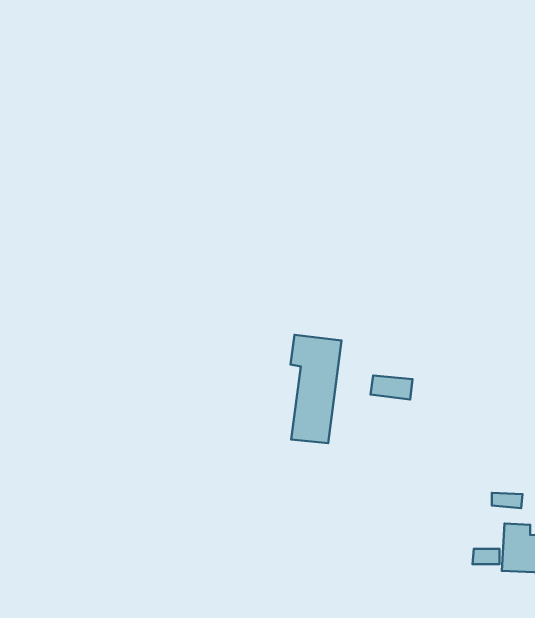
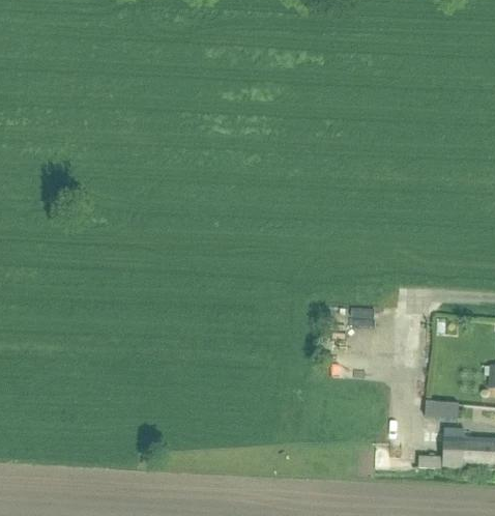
building: [291,335,342,443] -> none

